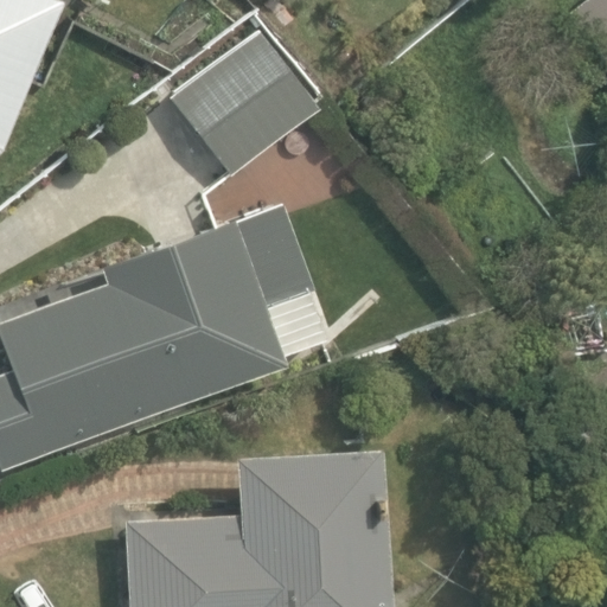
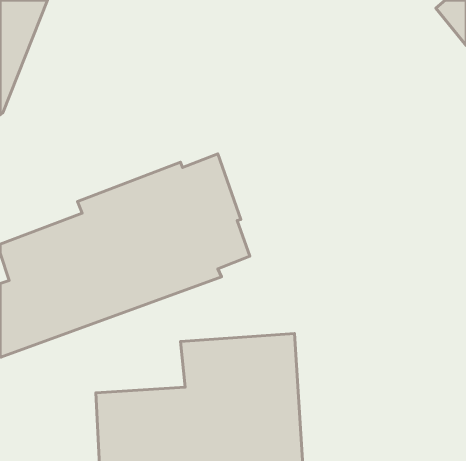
building: [170,32,318,179] -> none

